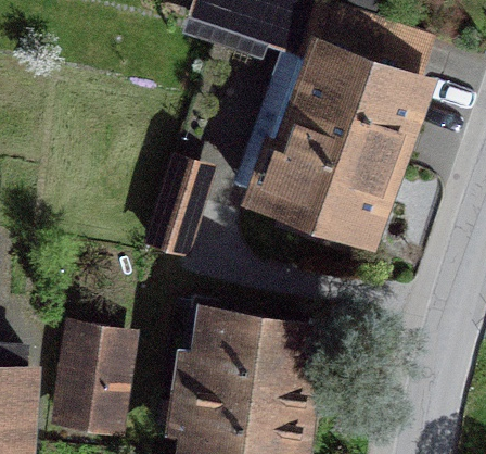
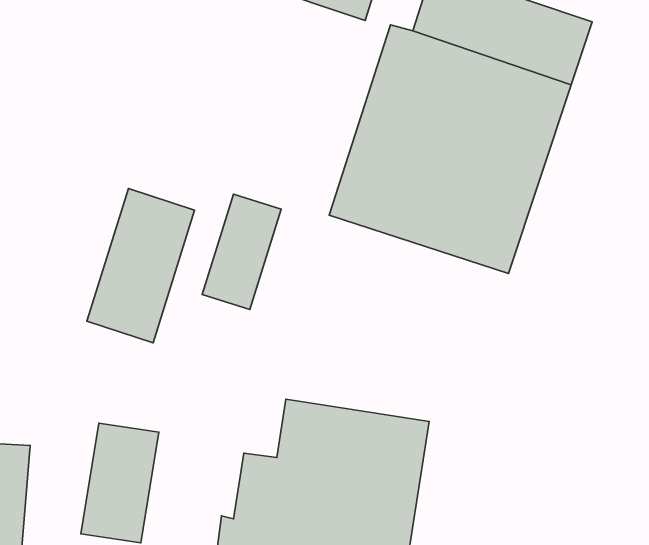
building: none -> [87,188,195,343]

